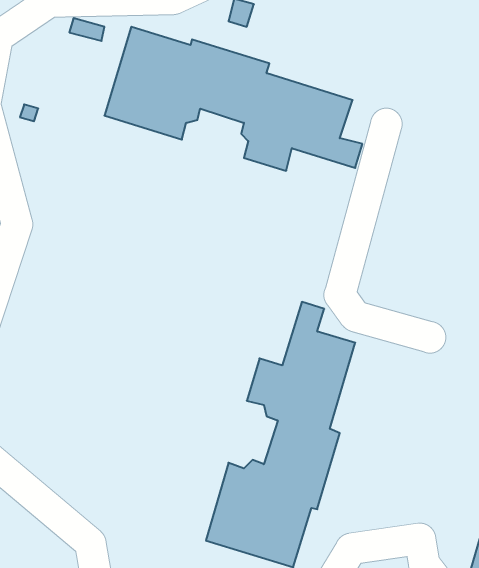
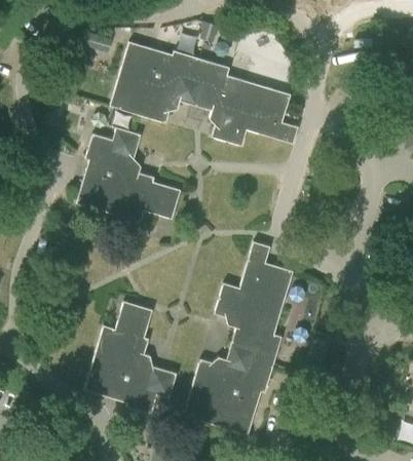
building: none -> [76,126,181,222]
building: none -> [84,301,177,414]

